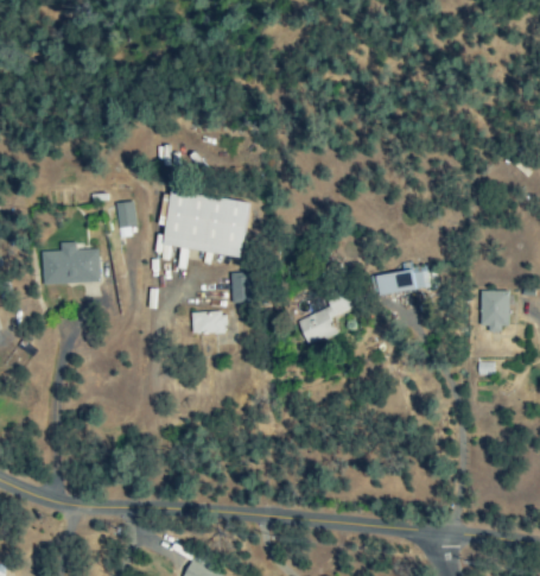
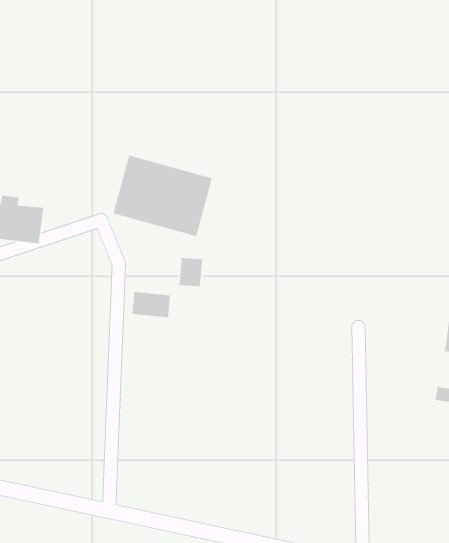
building: [117,201,136,236] -> none
building: [370,264,431,297] -> none
building: [298,286,354,344] -> none

